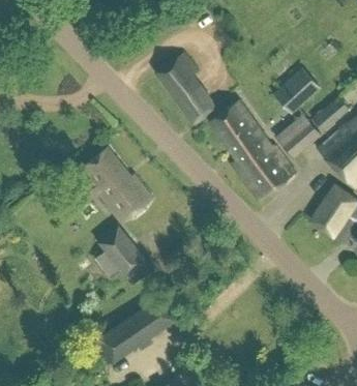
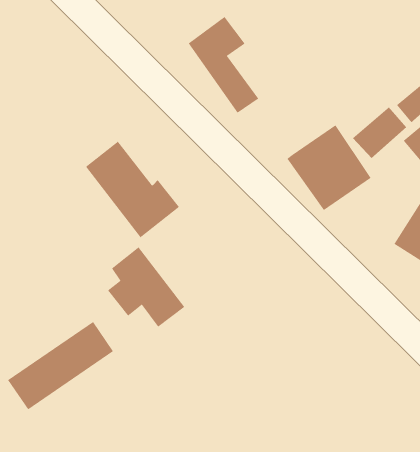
building: [273,68,320,114] -> none
building: [210,100,267,156] -> none
building: [94,298,175,365] -> [7,321,114,410]

